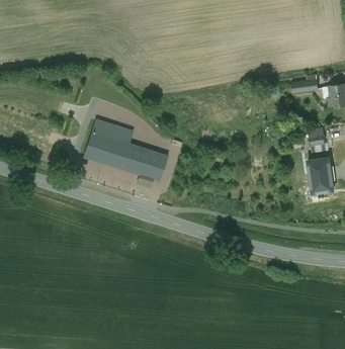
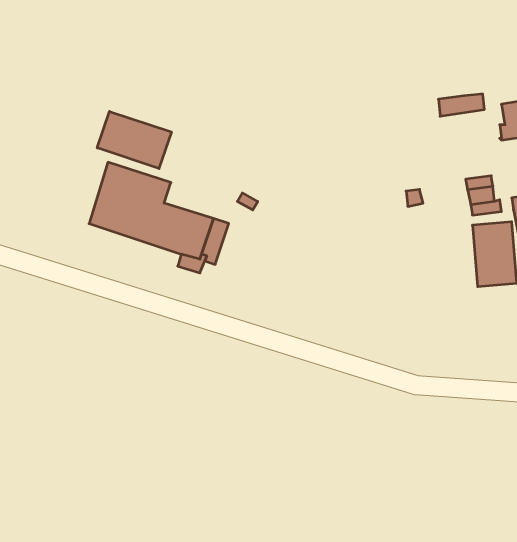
building: none -> [97,111,171,169]

